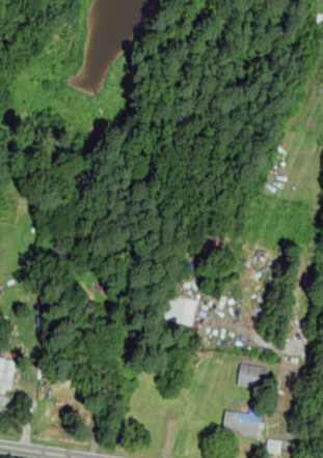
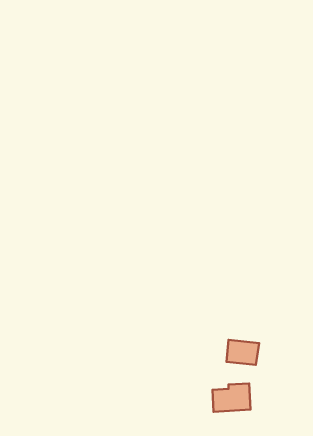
building: [172,298,194,322] -> none

